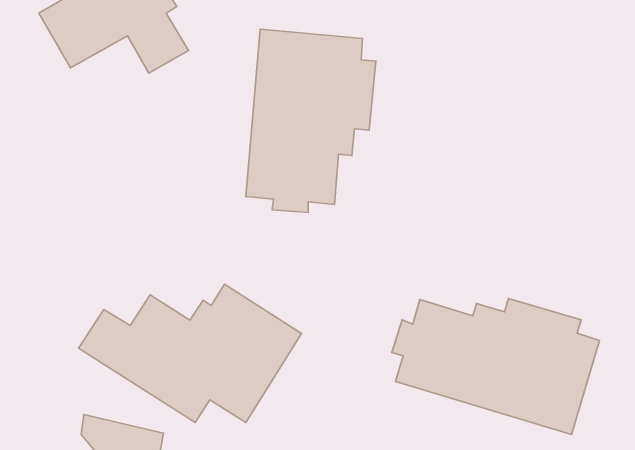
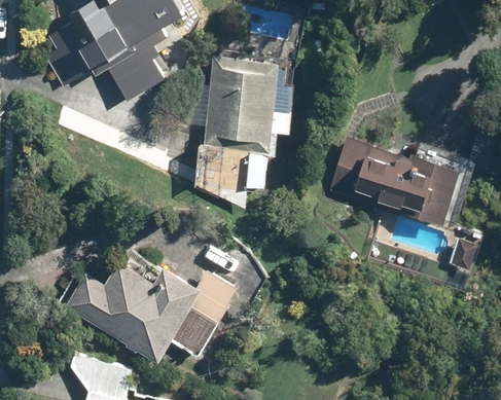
building: none -> [326,136,466,231]
building: [392,298,599,435] -> none

